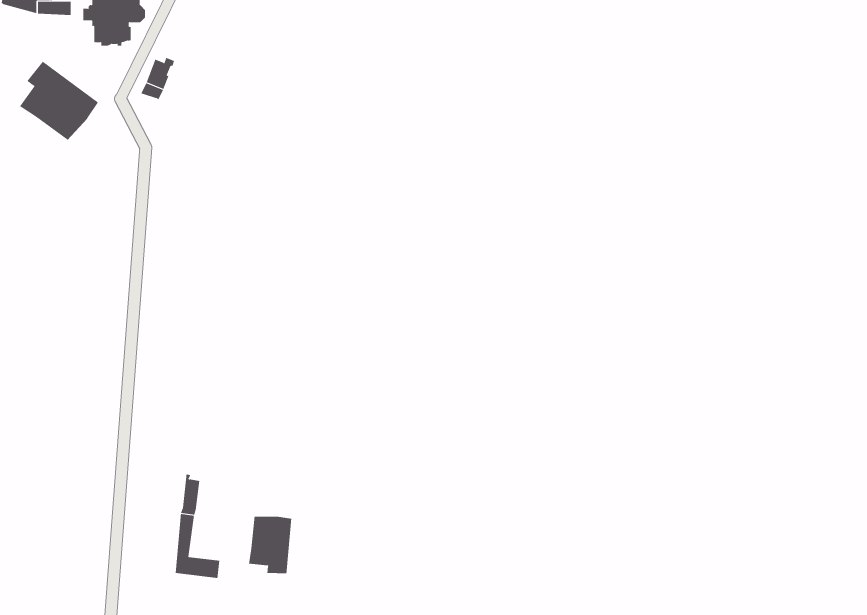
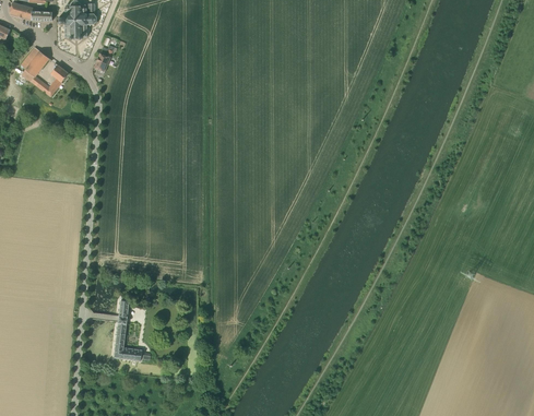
building: [249,516,292,574] -> none

